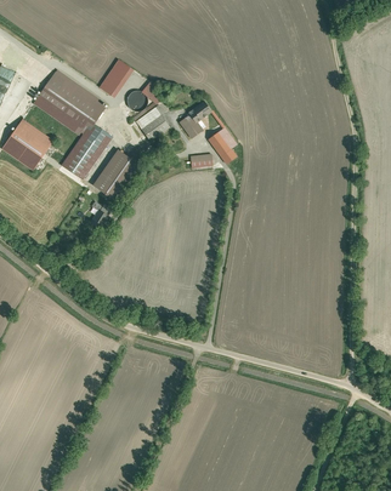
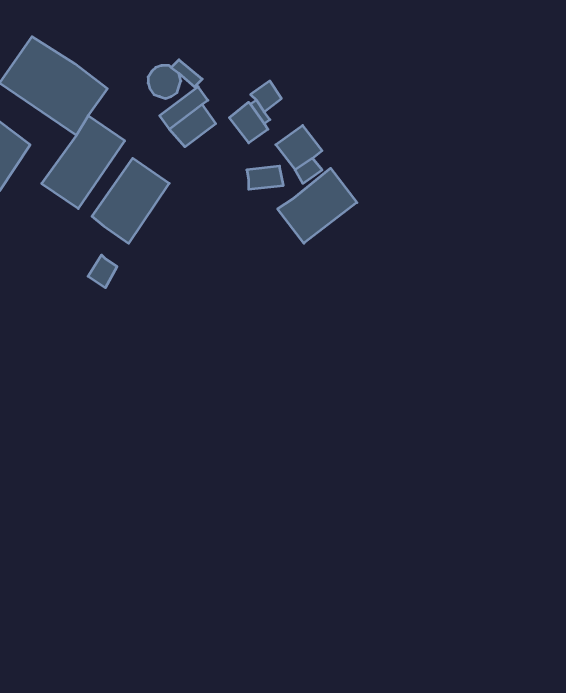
building: [97,61,130,97] -> none
building: none -> [278,168,357,243]

